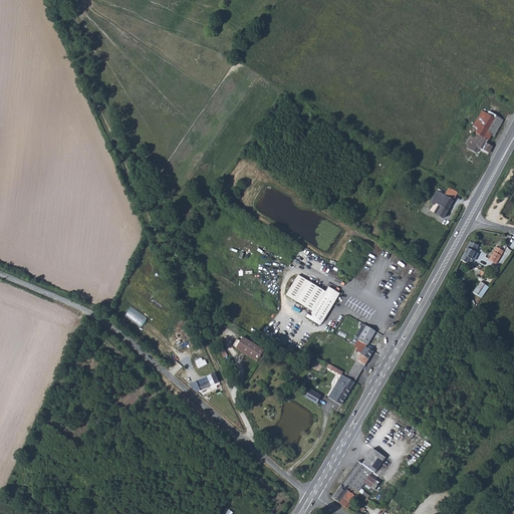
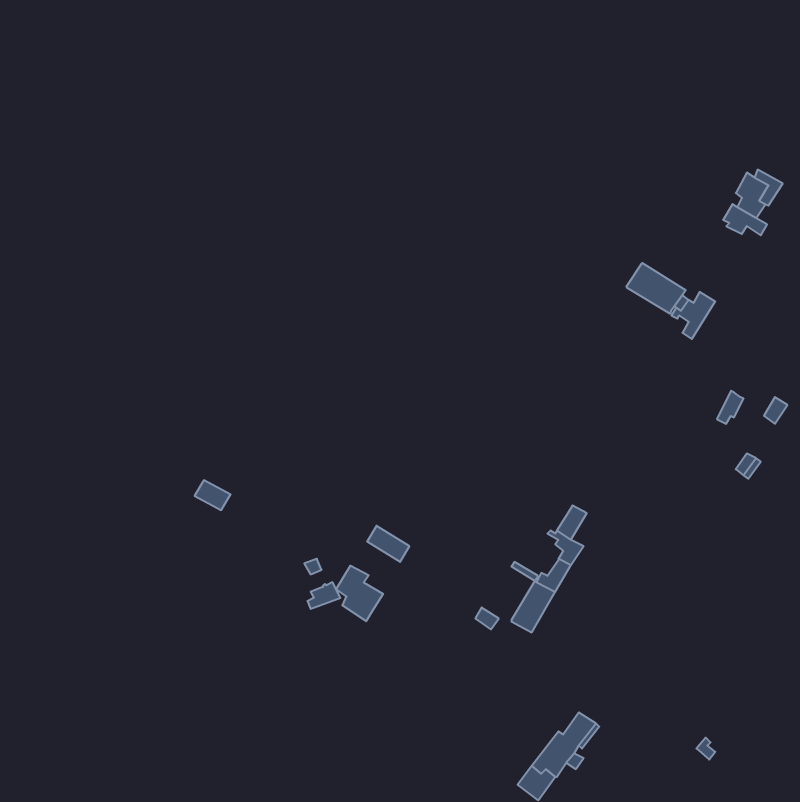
building: none -> [627,263,686,314]
building: [285,273,333,319] -> none
building: none -> [336,566,383,621]

